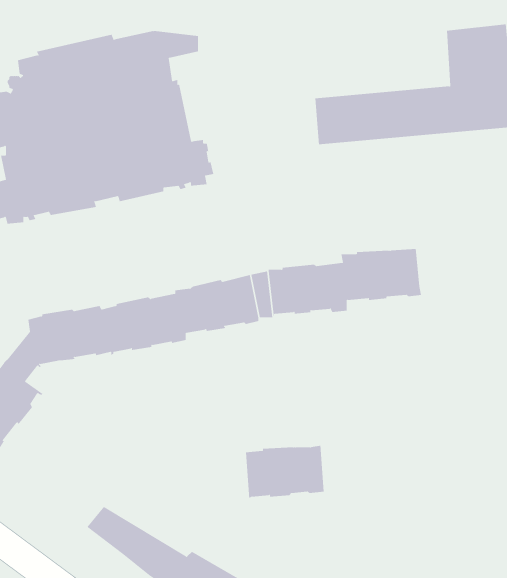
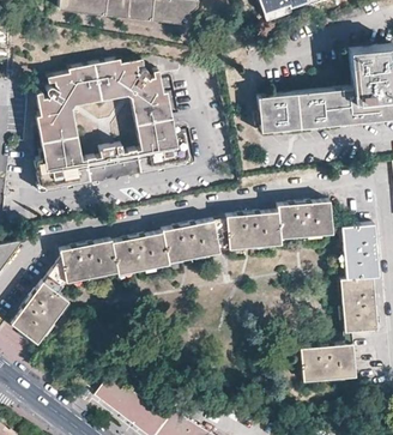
building: none -> [339,223,379,332]
building: [245,445,325,499] -> [300,343,355,380]

